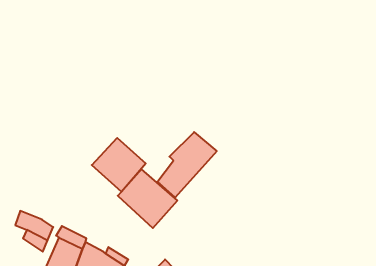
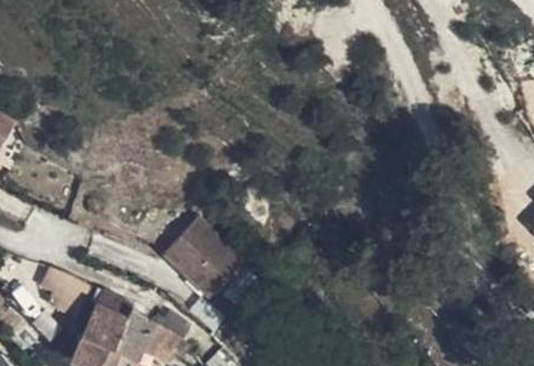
building: [157,132,217,198] -> none
building: [92,138,146,192] -> none

